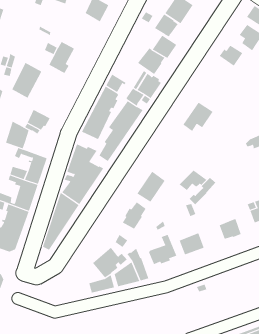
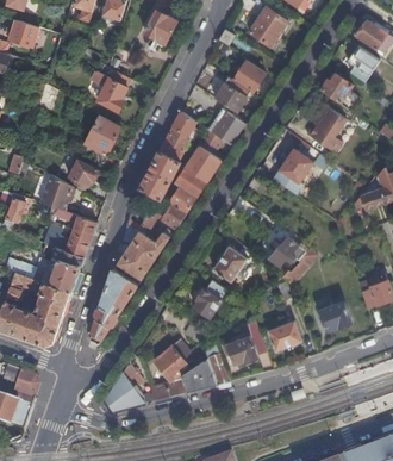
building: [154,13,179,37] -> none
building: [12,62,42,99] -> [81,116,121,163]
building: none -> [307,106,345,152]
building: none -> [104,362,152,411]

